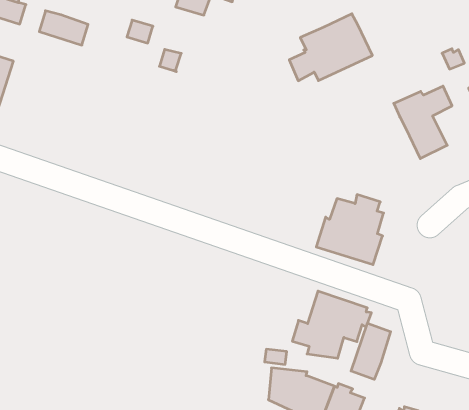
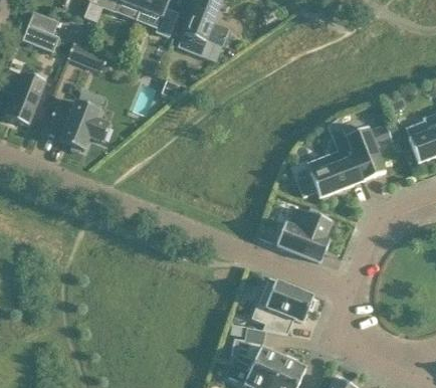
building: [289,14,372,81] -> [297,147,364,198]
building: none -> [50,99,110,151]
building: [351,323,391,379] -> none

